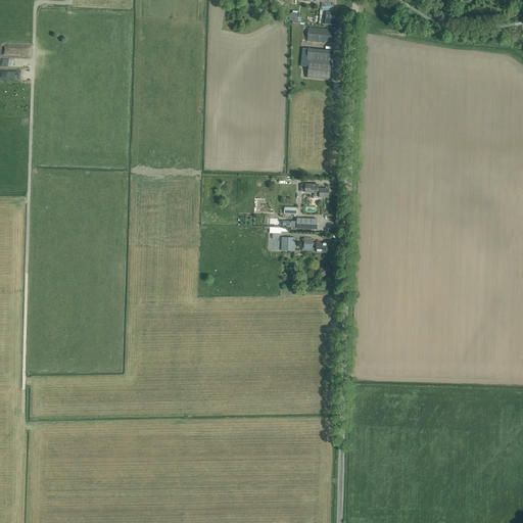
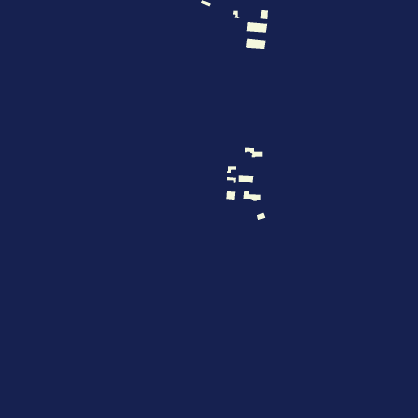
building: [306,60,330,79] -> none

